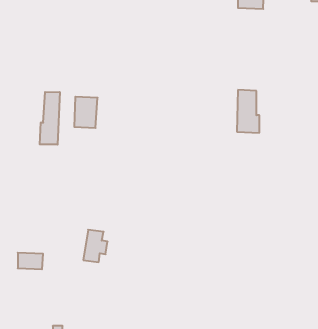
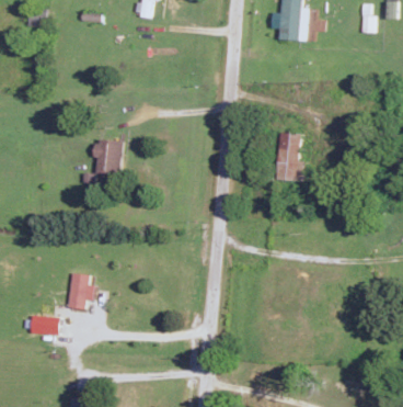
building: [40,92,60,145] -> none
building: [83,230,108,262] -> [67,272,94,308]

